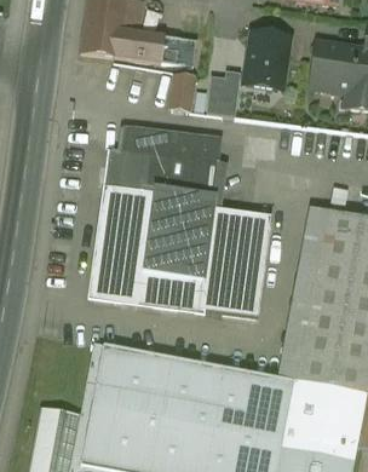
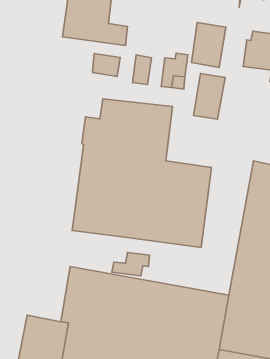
building: [161,36,196,65] -> [92,54,120,76]
building: none -> [194,74,225,119]
building: none -> [112,252,150,276]

